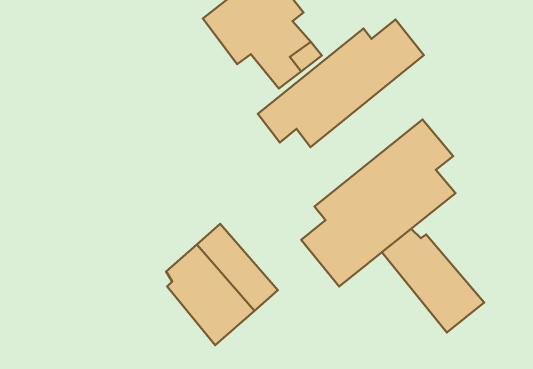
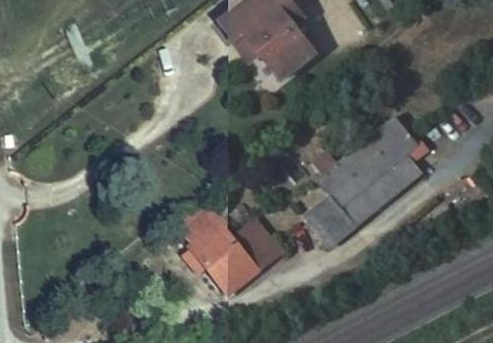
building: [258,20,424,147] -> none
building: [382,229,484,333] -> none

